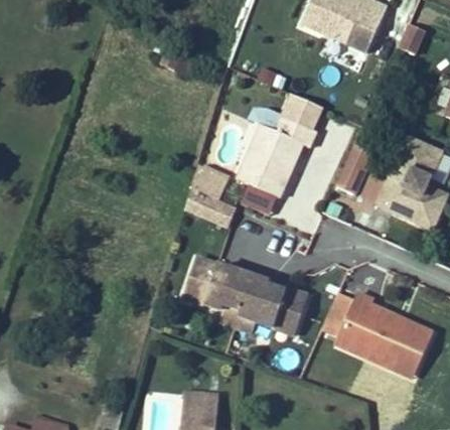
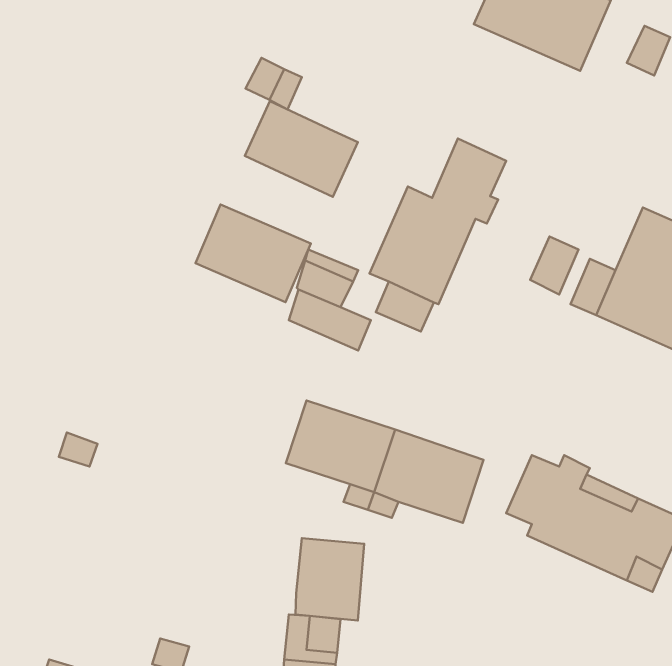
building: none -> [245,101,358,197]
building: none -> [195,204,311,302]
building: none -> [295,538,364,620]

